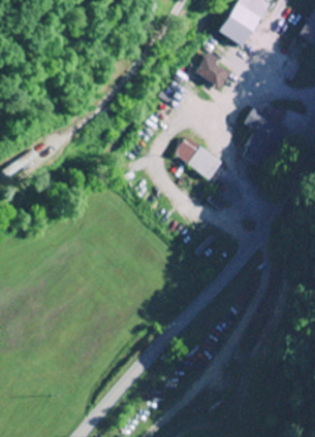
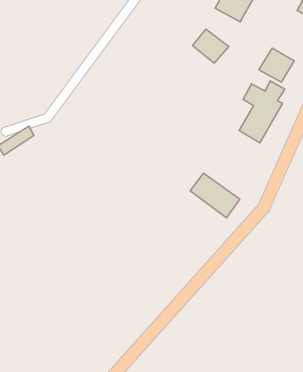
building: none -> [259,48,294,82]
building: [174,136,223,180] -> [190,173,240,218]

